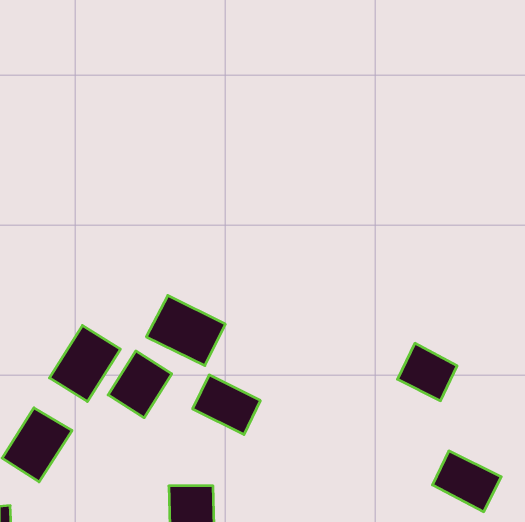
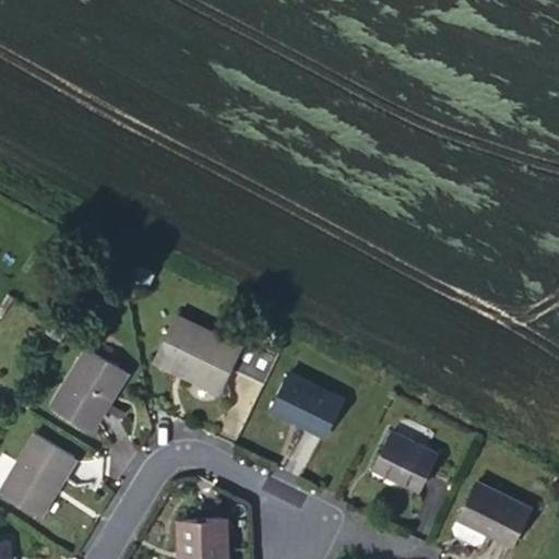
building: [397,343,457,401] -> [373,431,437,492]
building: [108,351,172,418] -> none
building: [193,375,260,435] -> [271,373,343,437]

